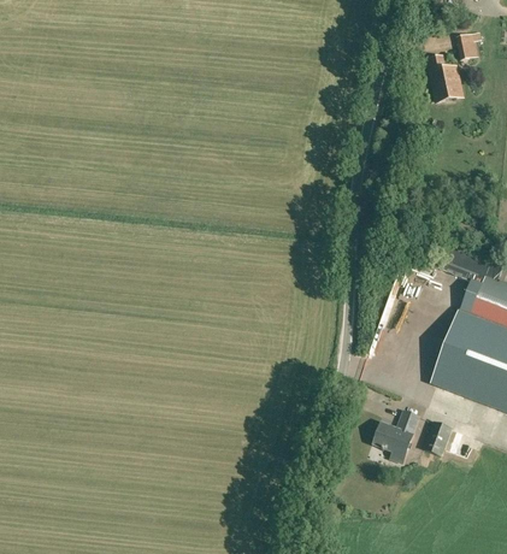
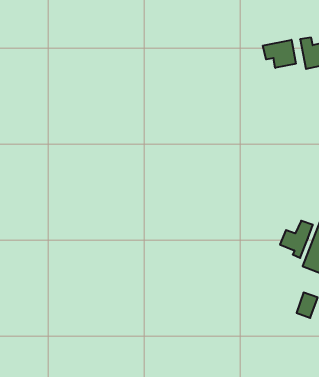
building: none -> [263,40,296,68]
building: [373,409,420,462] -> [280,221,313,258]

